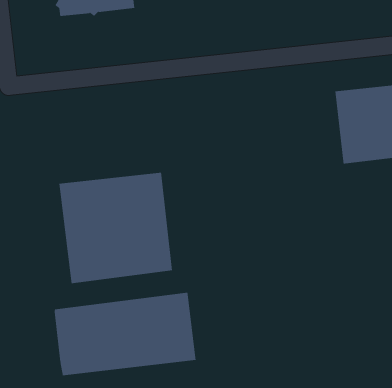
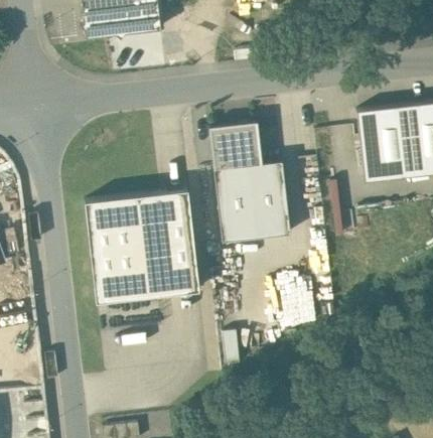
building: none -> [212,132,287,241]
building: [54,292,196,376] -> none

